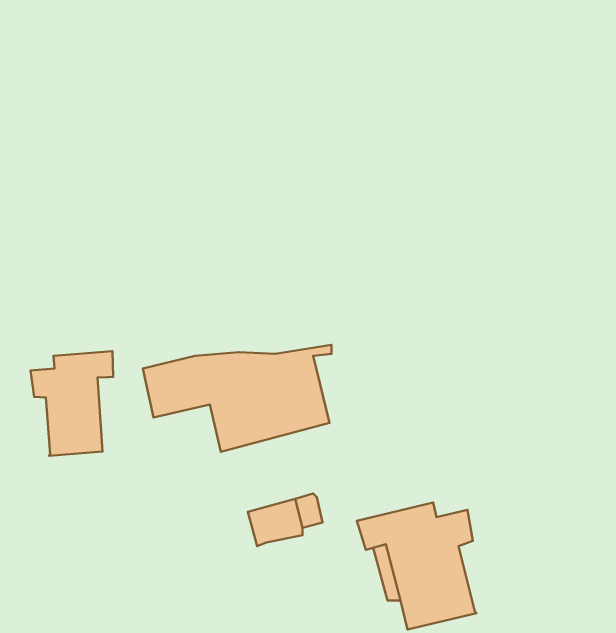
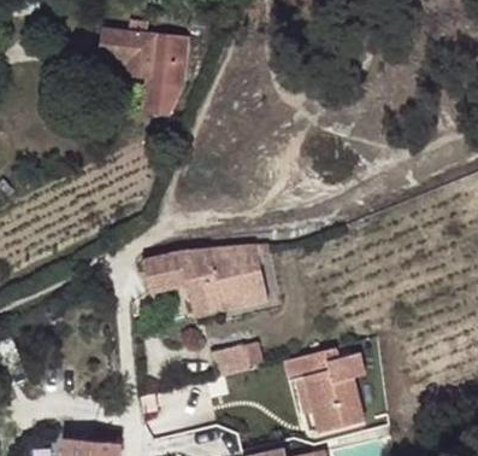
building: none -> [99,19,183,113]
building: [31,351,113,456] -> none

